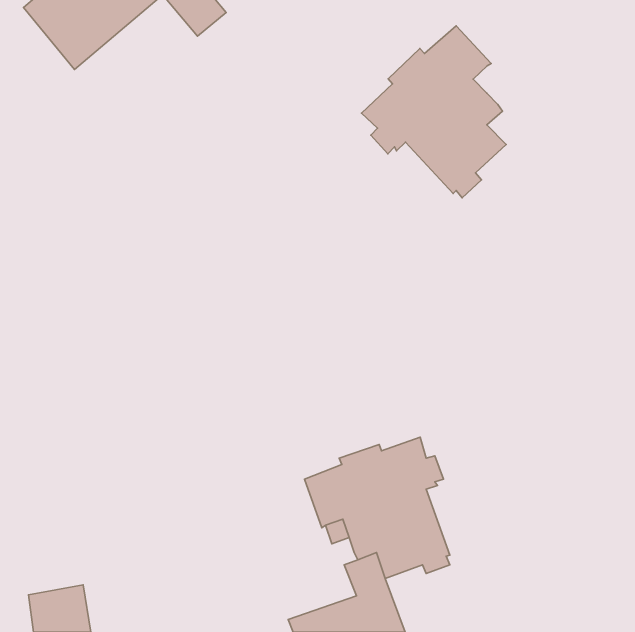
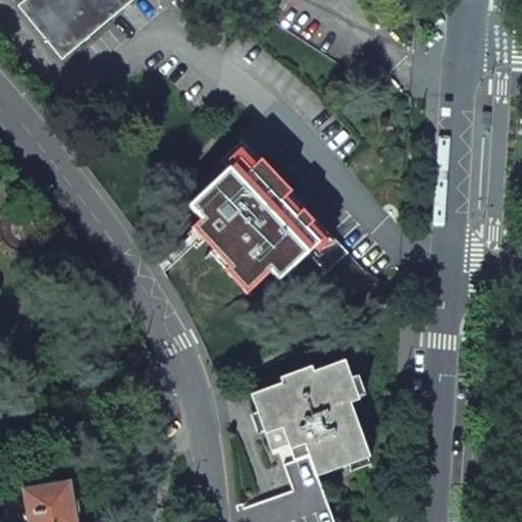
building: [361,26,506,198] -> none
building: none -> [190,147,350,290]

